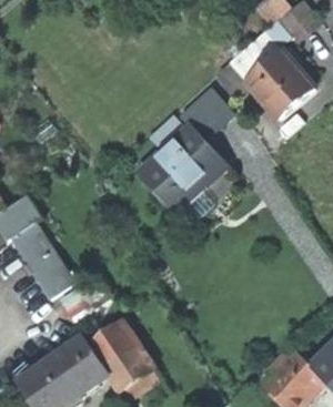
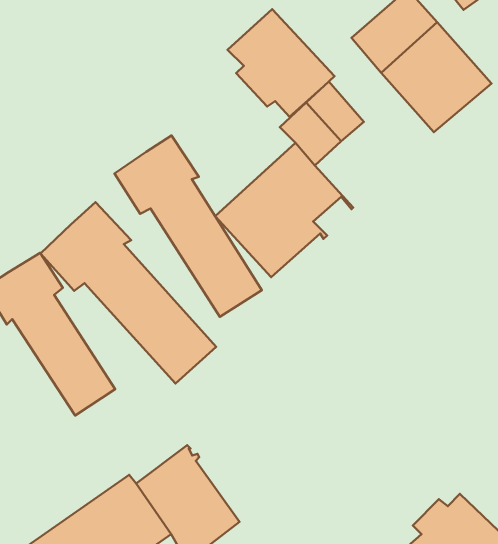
building: none -> [227,9,334,117]
building: none -> [114,136,262,317]
building: none -> [41,202,216,384]

